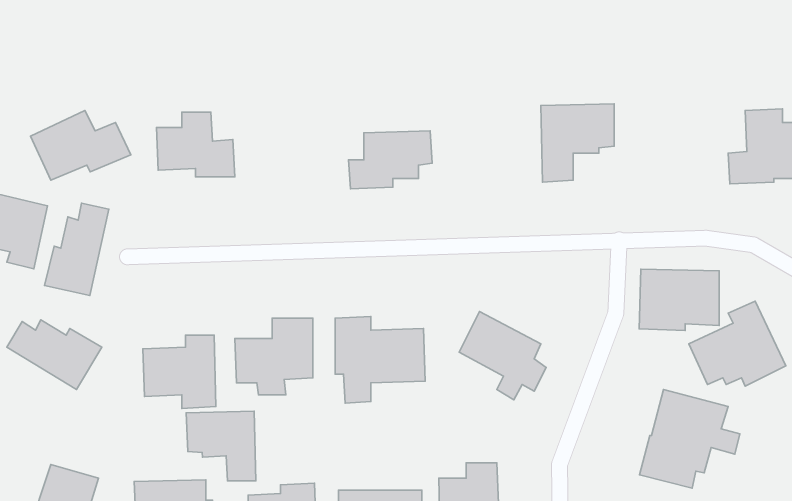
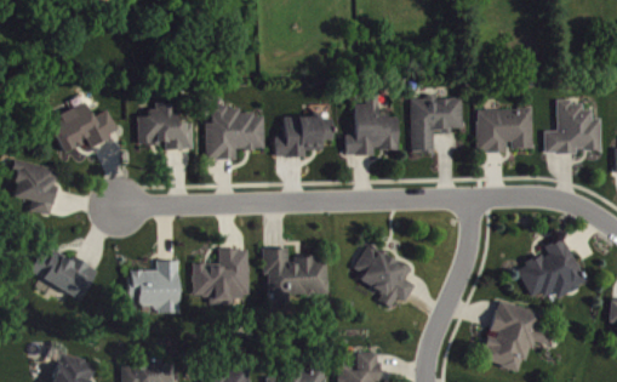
building: none -> [347,95,399,155]
building: none -> [206,106,264,160]
building: [45,203,109,296] -> none
building: [639,269,719,331] -> [476,109,533,153]
building: [186,411,256,481] -> none

